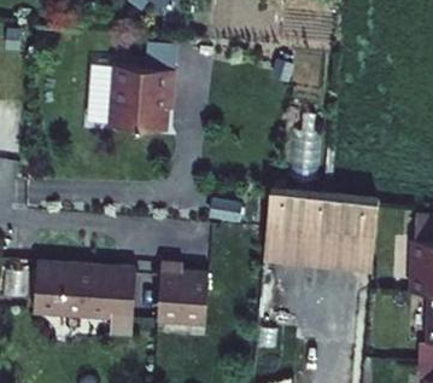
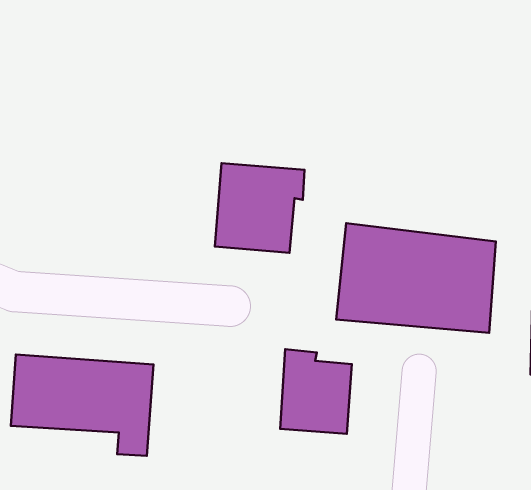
building: [104,53,169,118] -> [215,163,304,253]
building: [156,266,207,327] -> [280,349,352,434]

